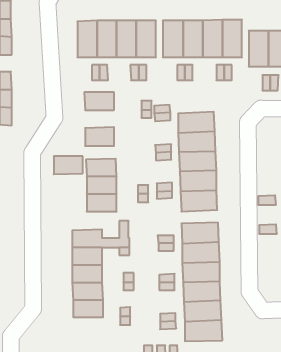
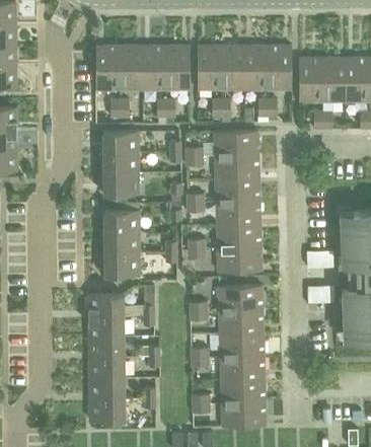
building: none -> [213,132,256,157]
building: [54,156,83,174] -> [103,153,138,174]
building: none -> [89,399,125,421]

